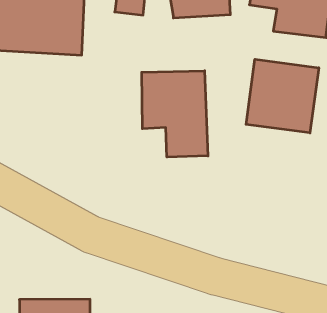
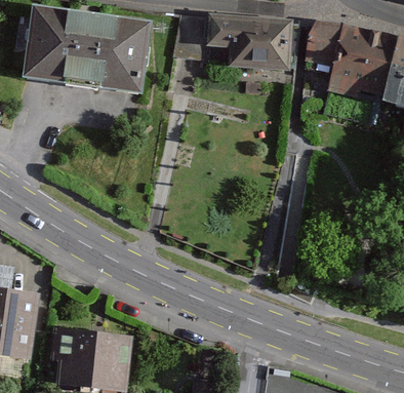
building: [246,59,319,133] -> none
building: [142,71,208,157] -> none

